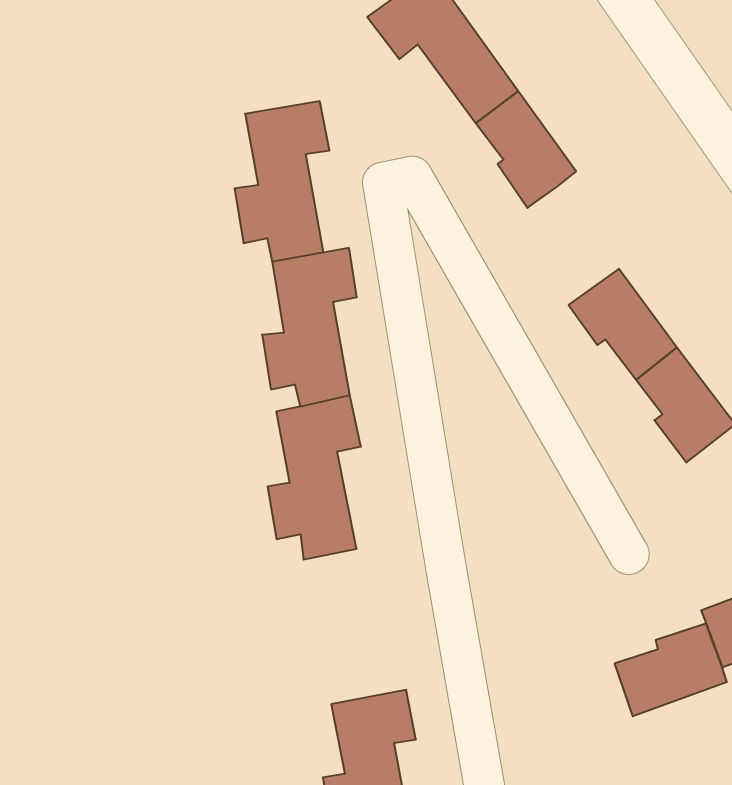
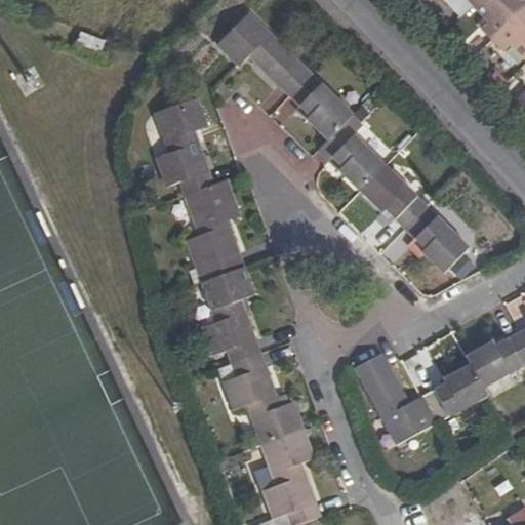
building: none -> [321,124,386,192]
building: none -> [223,353,302,445]
building: none -> [354,352,436,445]

